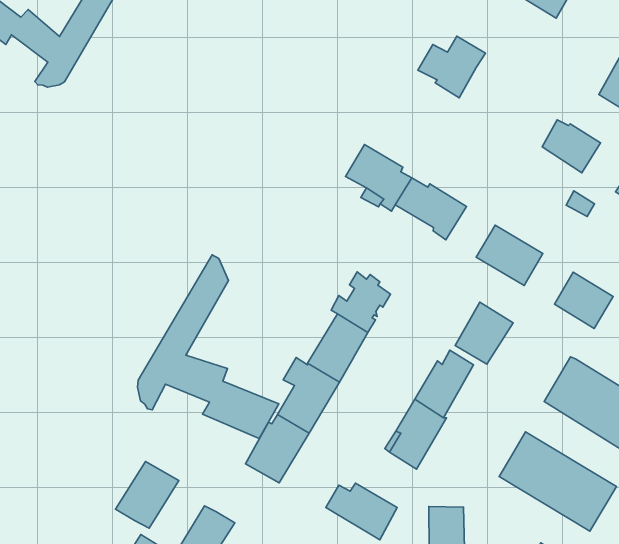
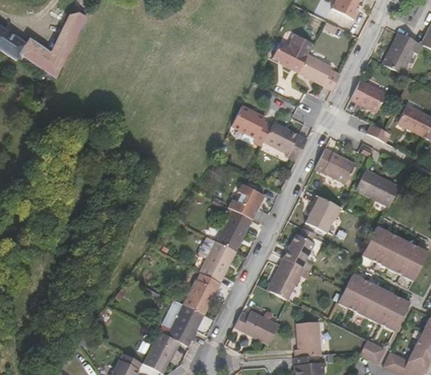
building: none -> [297,53,339,89]
building: [138,255,279,439] -> none
building: [115,462,179,528] -> [166,304,204,345]

